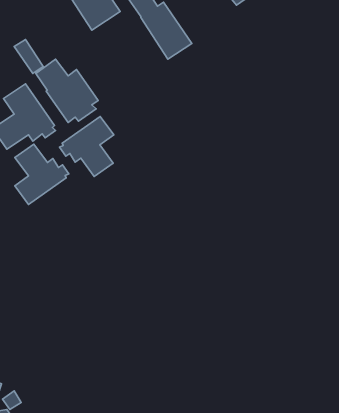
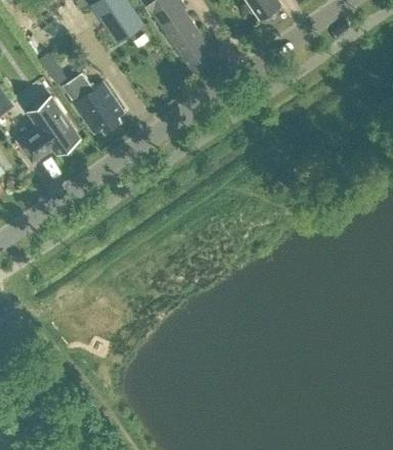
building: [60,117,114,176] -> none
building: [15,144,69,204] -> none

